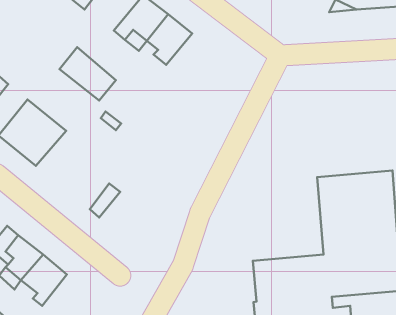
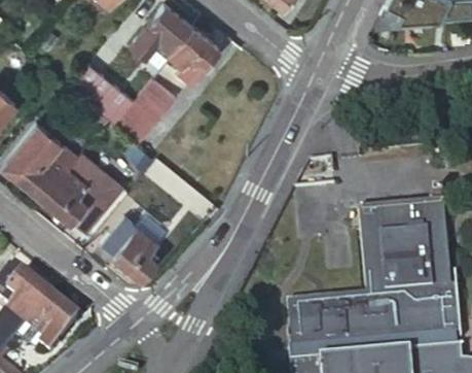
building: none -> [116,77,176,142]
building: none -> [45,147,126,230]
building: none -> [116,225,158,277]

